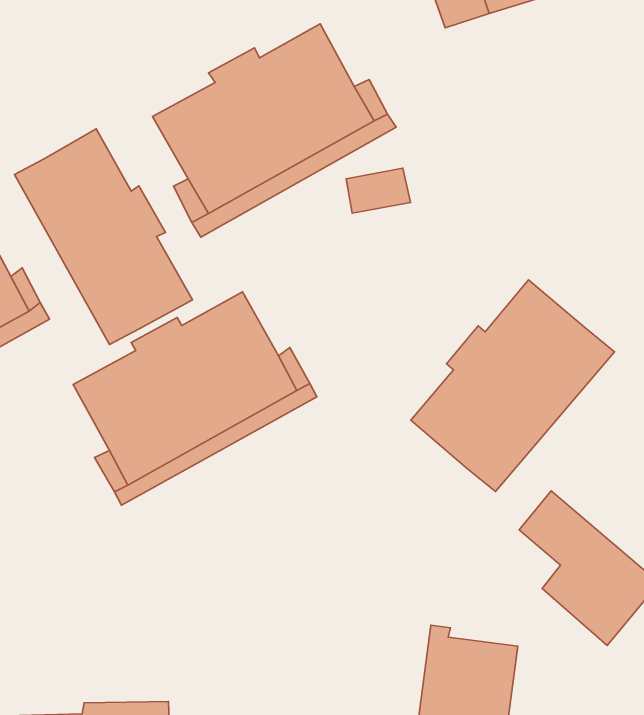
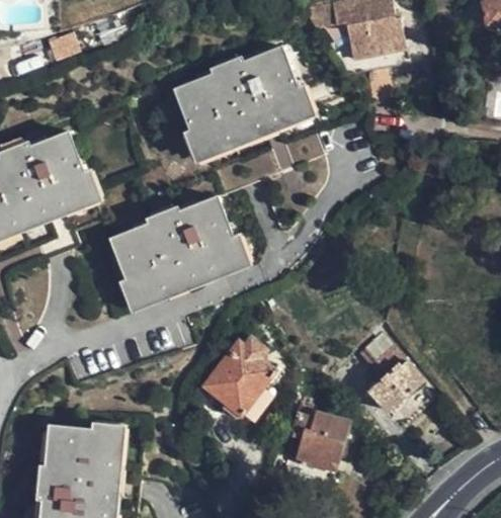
building: [14,129,192,344] -> none
building: [411,280,614,491] -> none
building: none -> [202,336,274,420]

